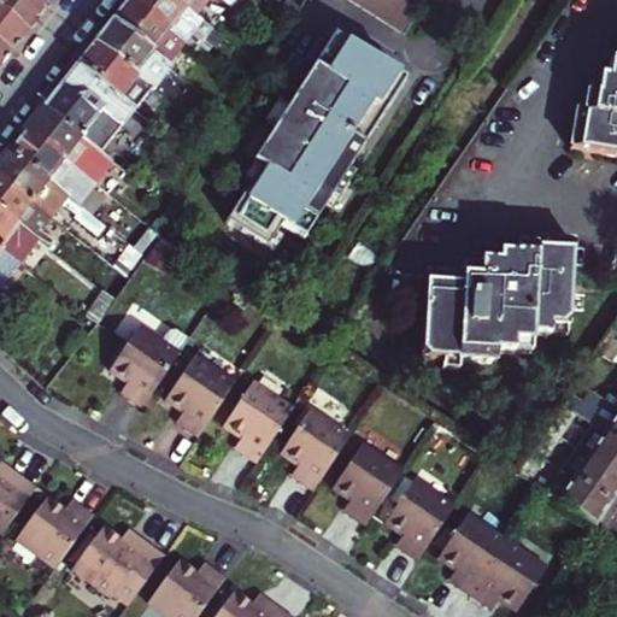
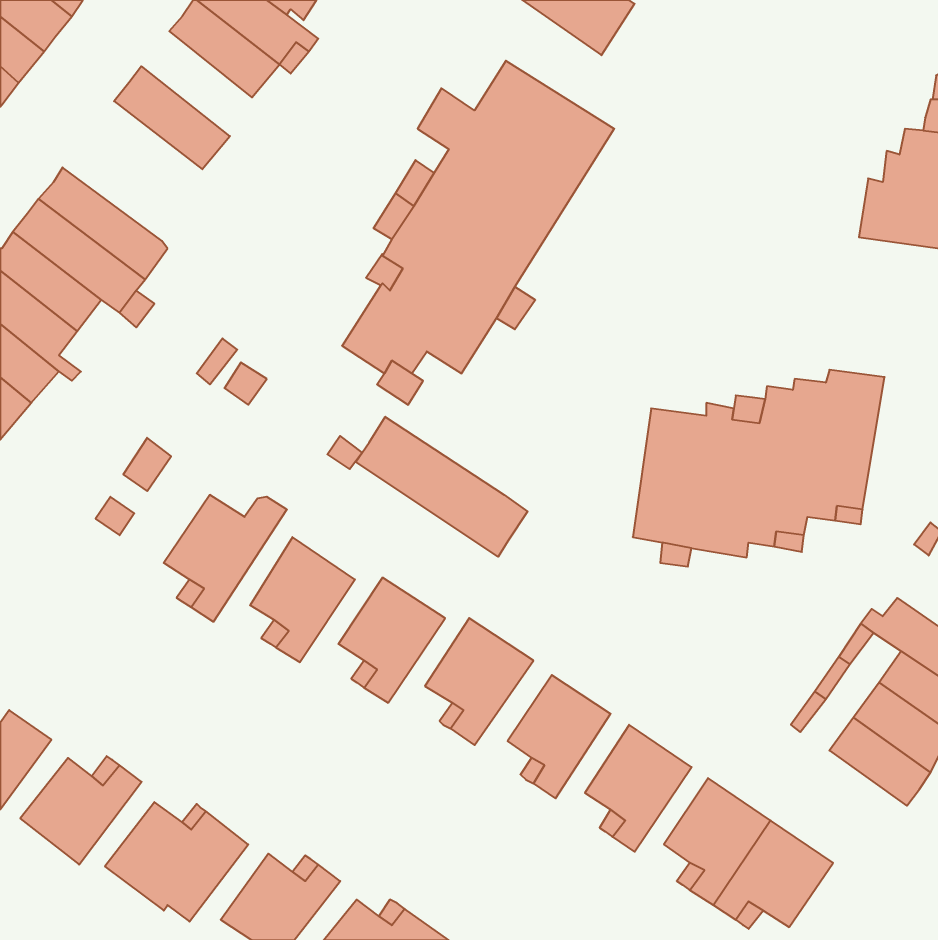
building: [94,20,170,89] -> none
building: [42,66,134,158] -> none
building: none -> [356,417,528,557]

